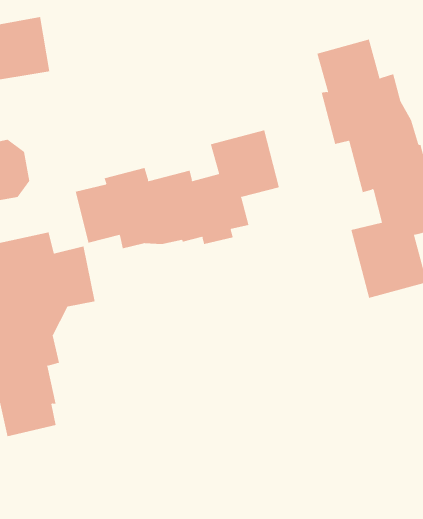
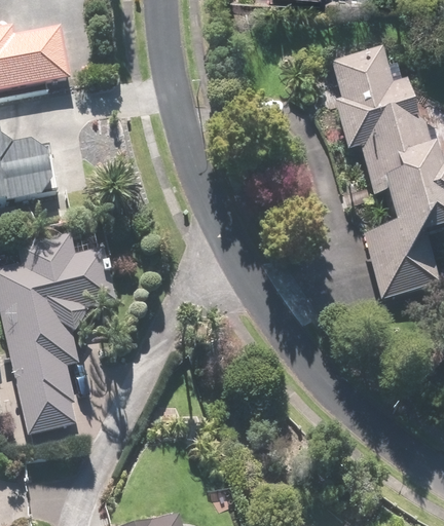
building: [75,130,280,249] -> none

